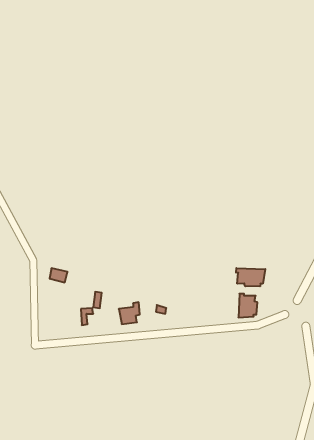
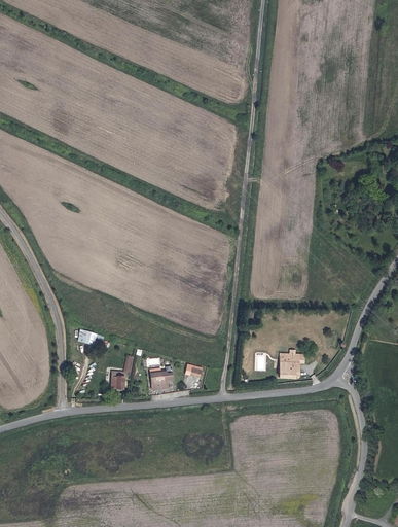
building: [236,268,265,286] -> none

